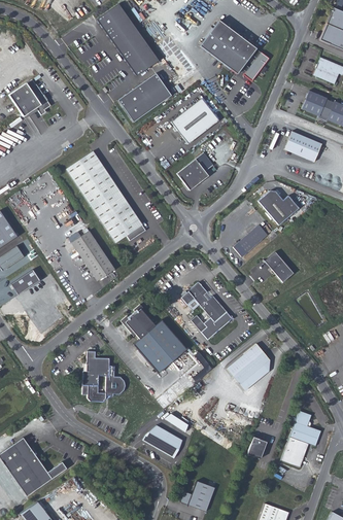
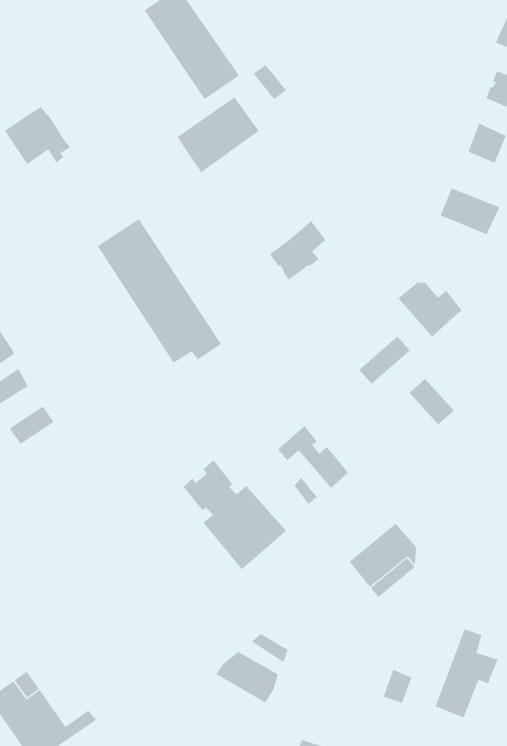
building: [200,21,256,74] -> none
building: [170,99,218,144] -> none
building: [72,232,115,282] -> none
building: [82,351,126,402] -> none

